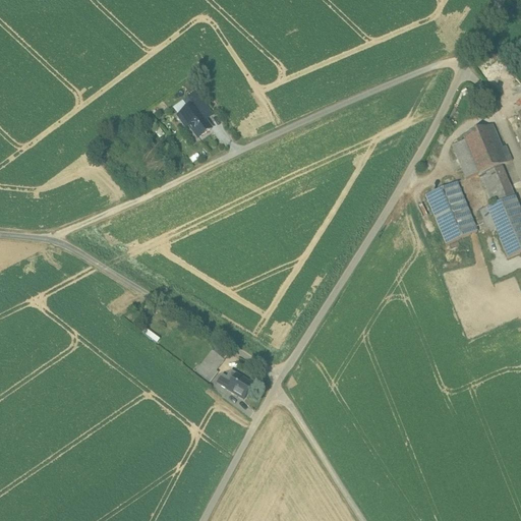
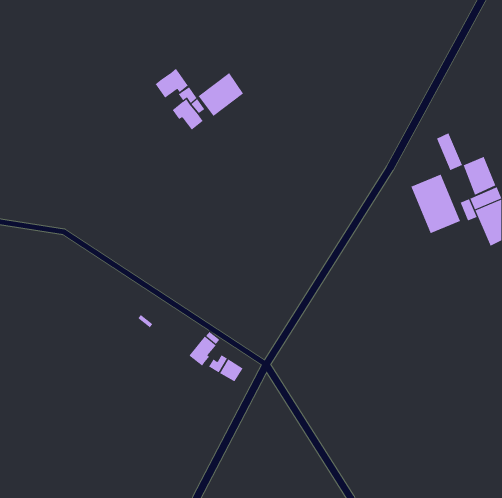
building: none -> [155,68,189,99]
building: none -> [198,72,244,117]
building: [463,121,508,171] -> none

